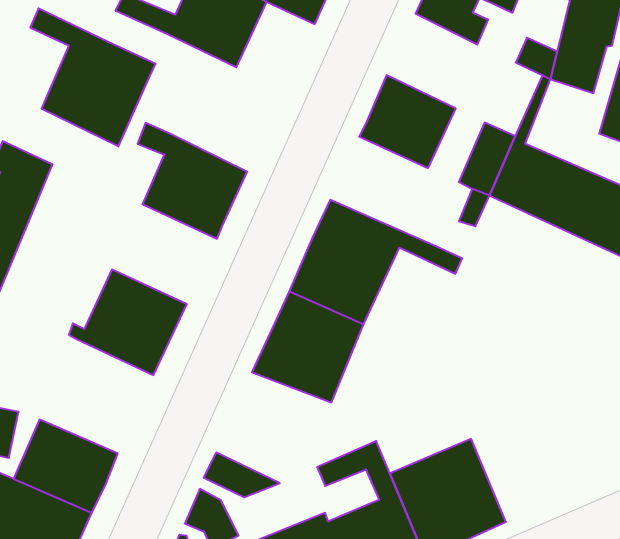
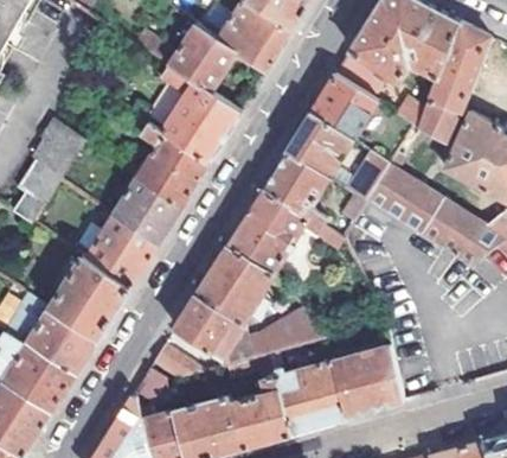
building: [30,8,156,146] -> [161,64,240,163]
building: none -> [309,74,376,140]
building: none -> [261,150,332,229]
building: none -> [110,174,182,244]
building: none -> [44,257,128,337]
building: none -> [250,310,326,352]
building: none -> [173,295,244,358]
building: none -> [332,343,404,418]

